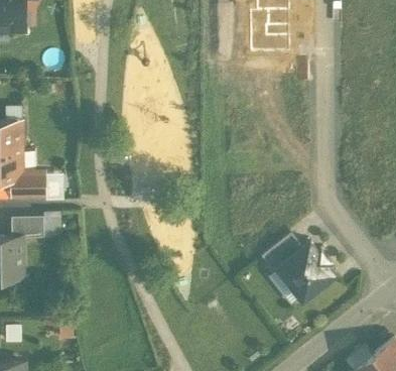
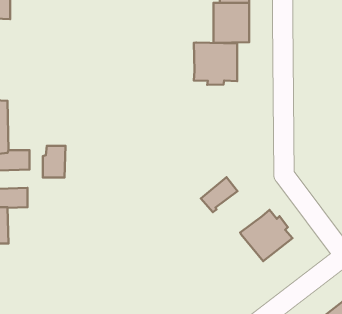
building: none -> [194,43,237,85]
building: none -> [43,146,66,177]
building: [261,233,301,271] -> [201,177,238,212]

